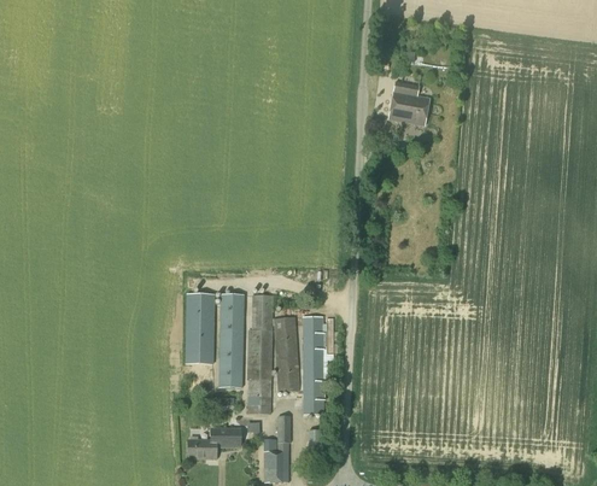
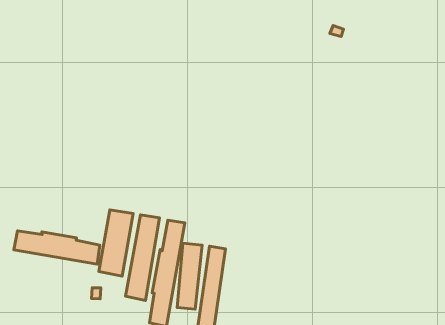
building: [388,70,429,124] -> none
building: none -> [14,231,100,264]

